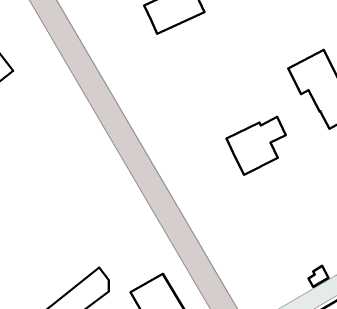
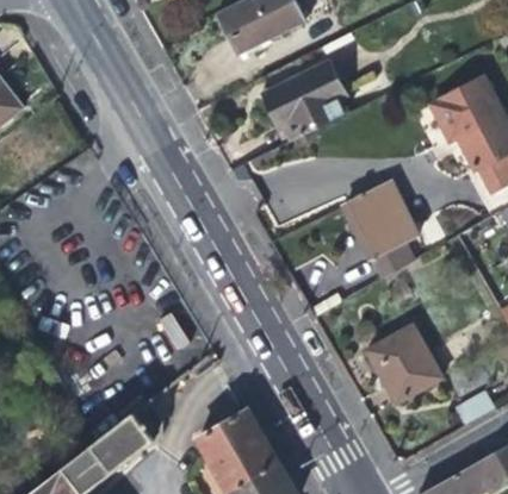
building: none -> [264,60,351,140]
building: none -> [365,323,440,402]

